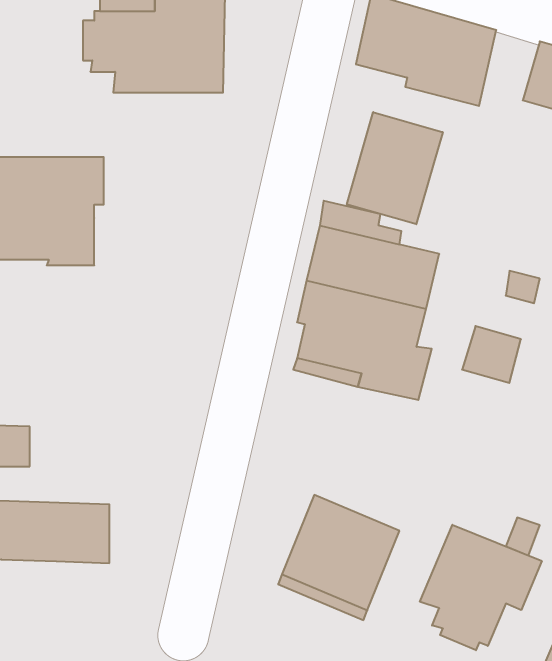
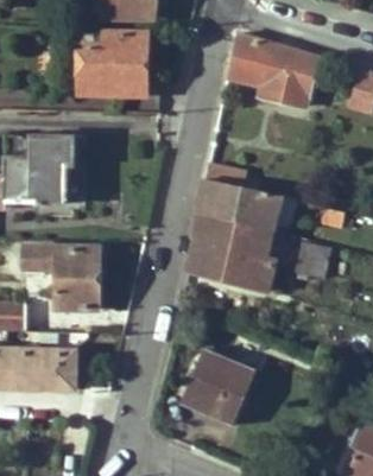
building: [347,112,443,224] -> none
building: none -> [25,246,99,310]
building: [420,525,542,650] -> none

